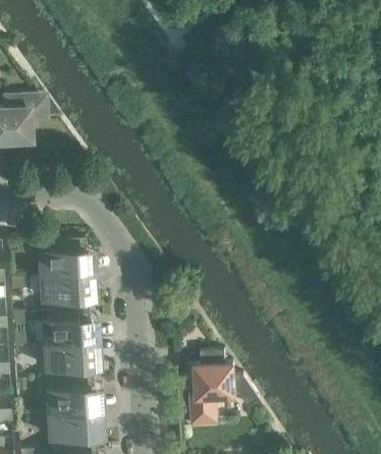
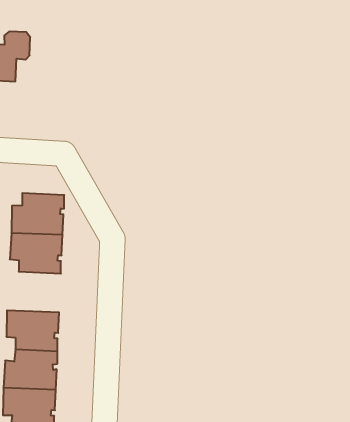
building: [41,307,89,345] -> none
building: [186,350,258,424] -> none

